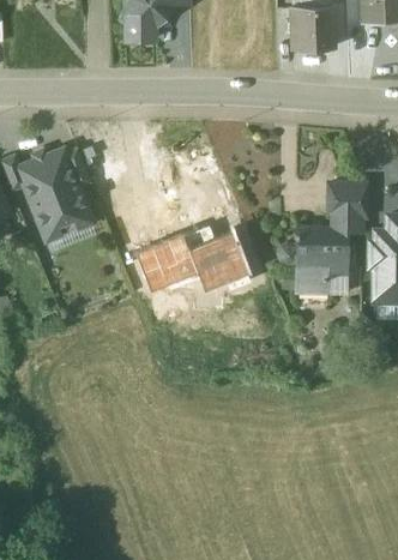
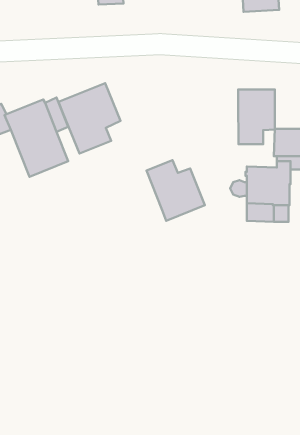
building: none -> [58,83,120,154]
building: none -> [238,89,275,144]
building: [135,233,200,291] -> none

